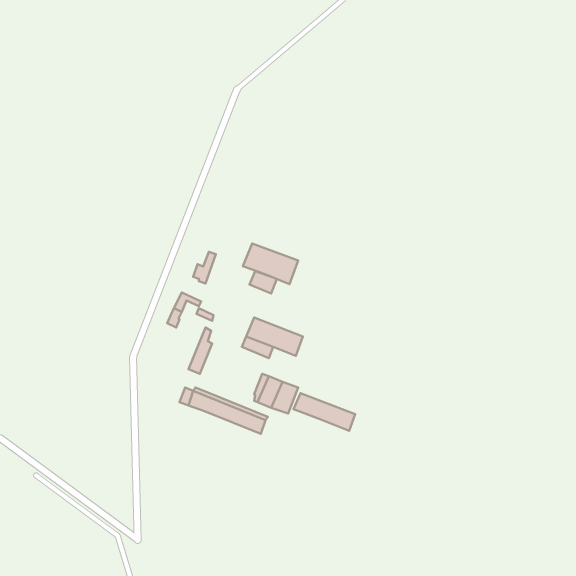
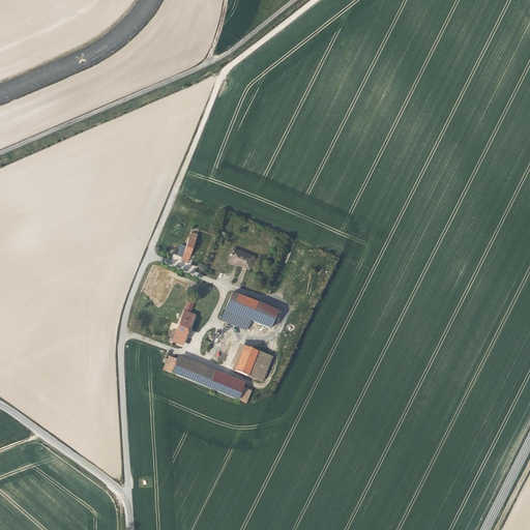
building: [243,243,298,284] -> none
building: [294,393,355,431] -> none

